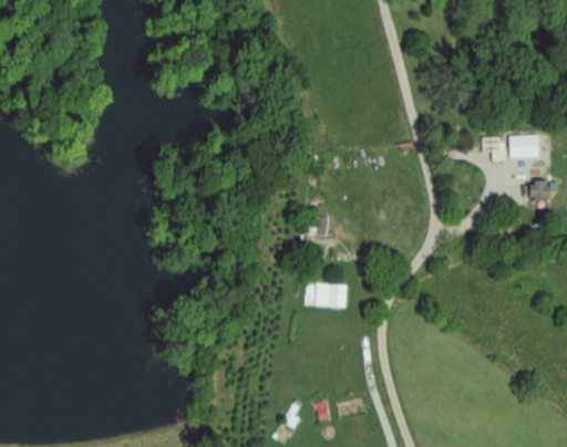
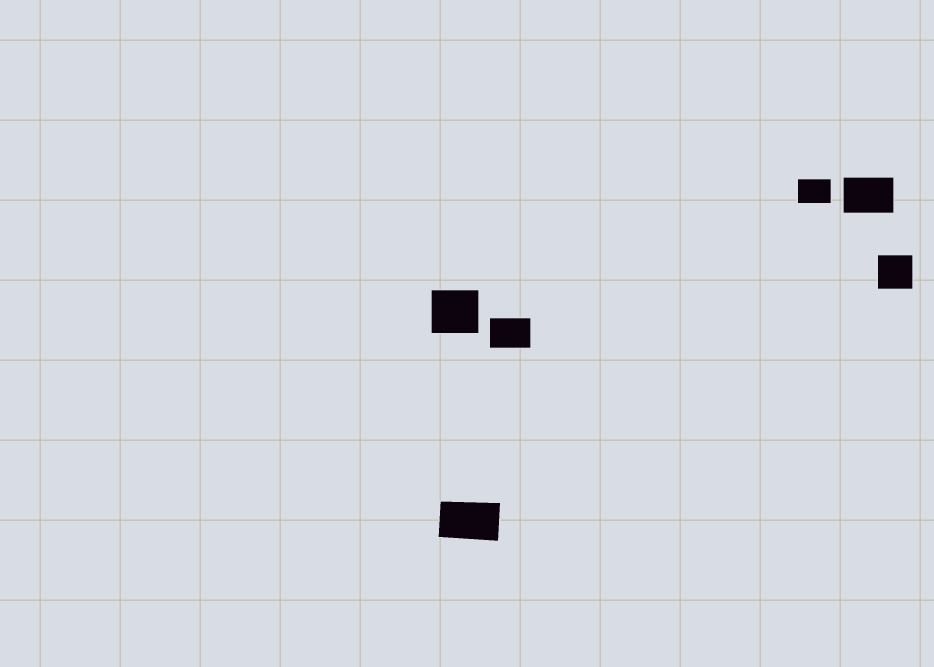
building: none -> [431,289,479,334]
building: [310,283,347,306] -> [438,501,501,541]

